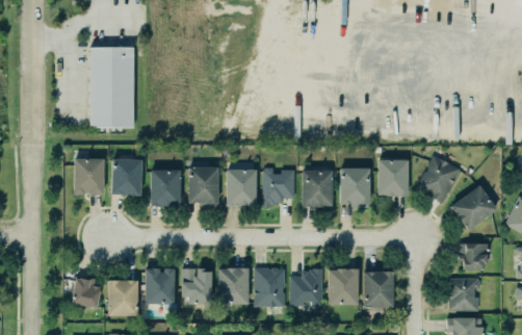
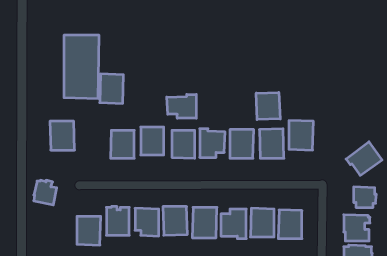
building: none -> [256,92,280,120]
building: none -> [167,94,196,118]
building: [415,155,460,203] -> none
building: [111,159,141,197] -> [100,74,123,103]
building: [71,277,100,308] -> [34,180,57,205]

